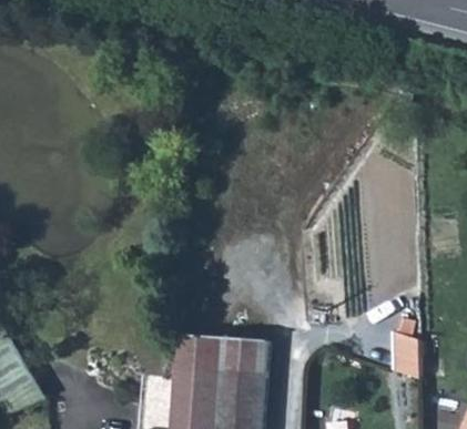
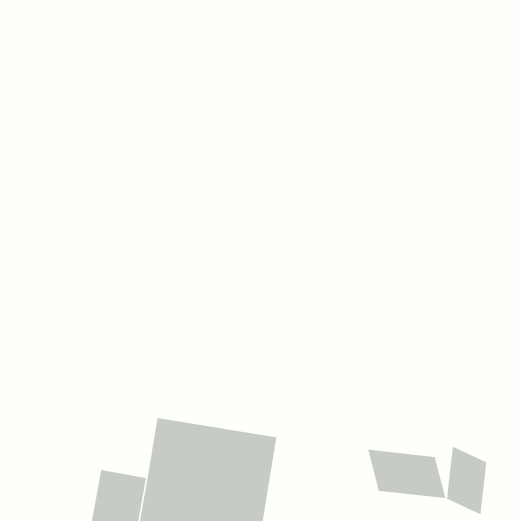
building: none -> [367,449,446,499]

